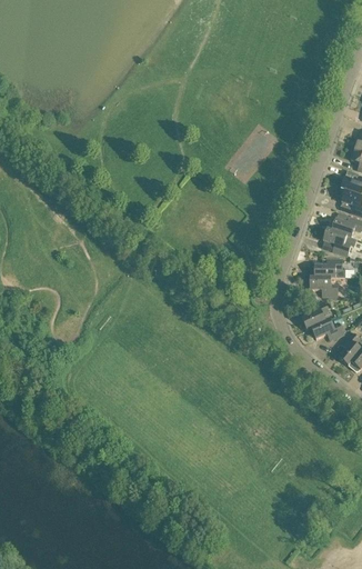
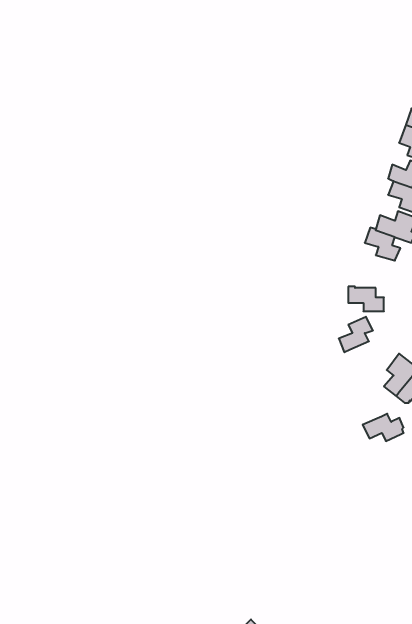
building: [314,258,344,278] -> none
building: [310,319,343,341] -> [363,414,404,441]

